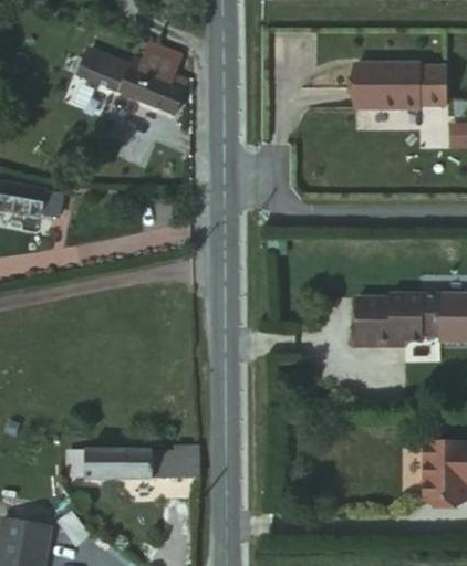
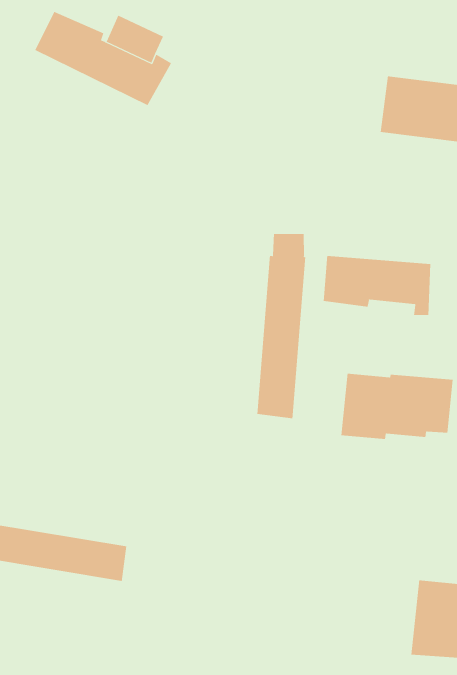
building: none -> [257,233,306,419]
building: none -> [323,255,431,316]

